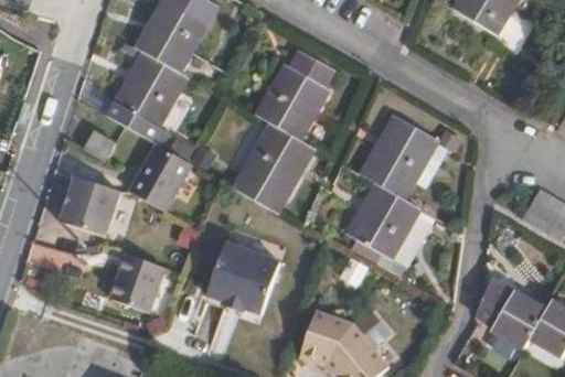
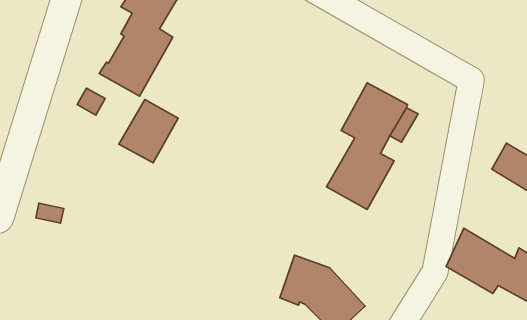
building: [243,61,329,209] -> none
building: [61,175,119,234] -> none
building: [205,239,277,311] -> none
building: [110,250,163,309] -> none

